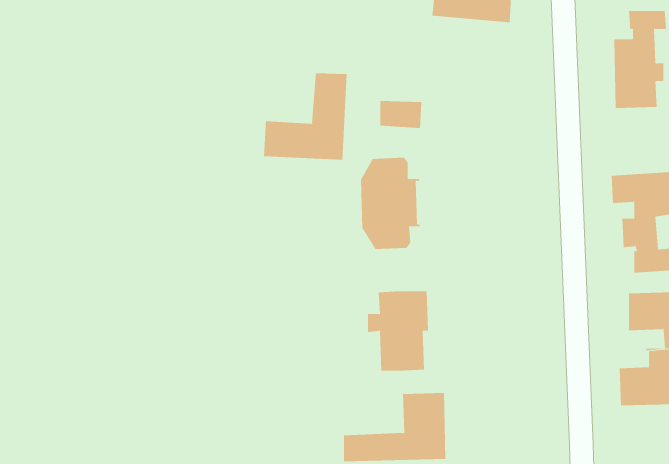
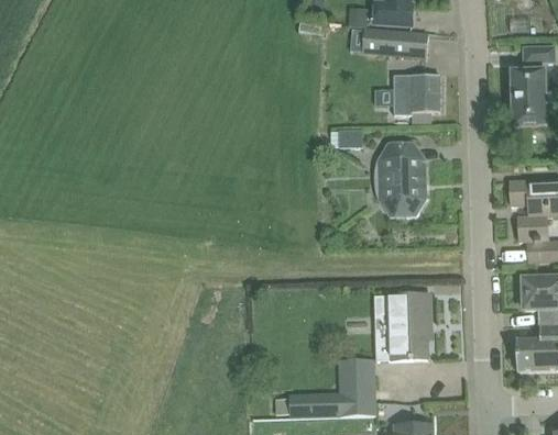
building: none -> [394,72,440,112]
building: [264,72,347,161] -> none
building: [360,157,420,249] -> [378,140,427,215]
building: [367,291,429,371] -> [380,292,430,358]

